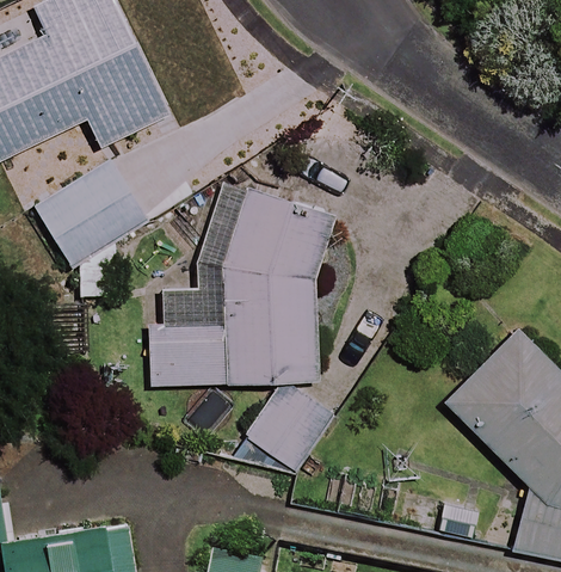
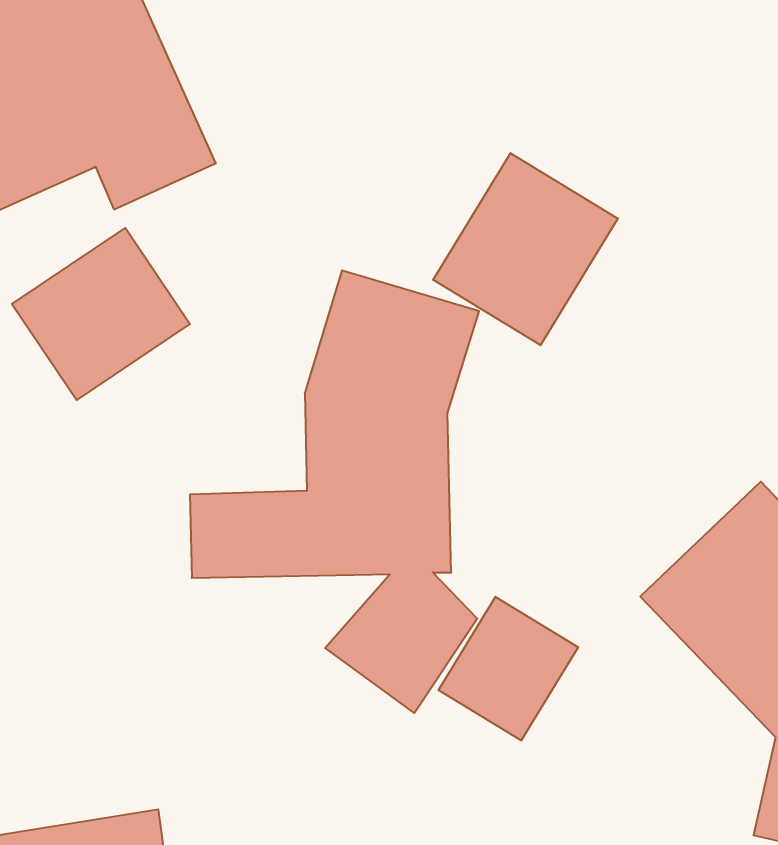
building: none -> [433,153,618,345]
building: none -> [439,597,578,741]

